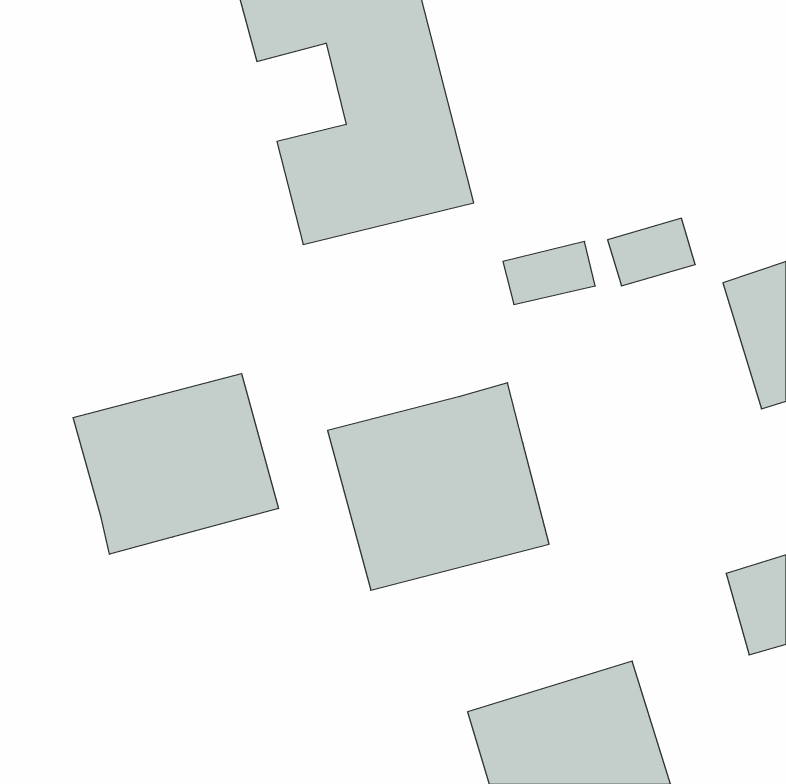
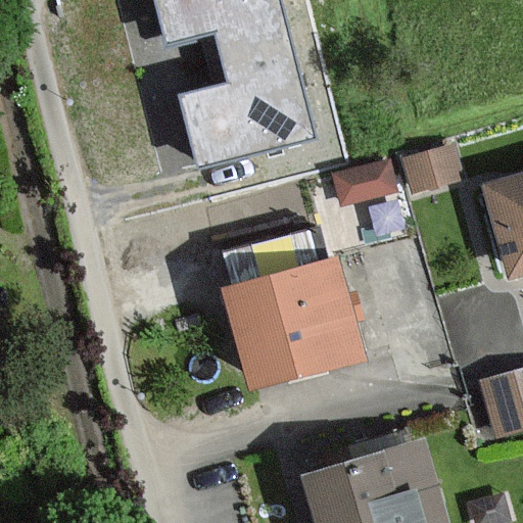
building: [73,374,278,554] -> none

